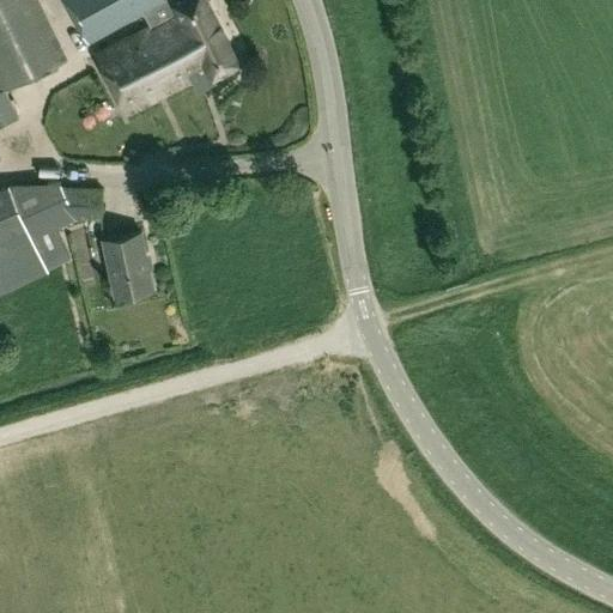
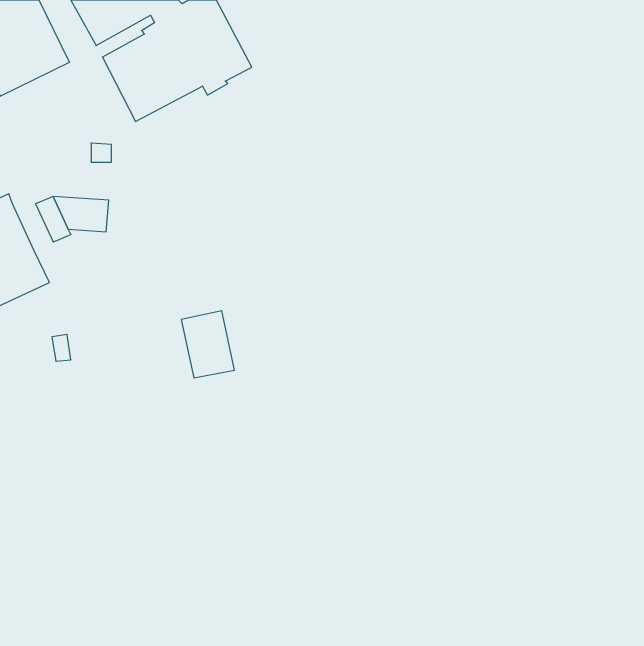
building: [12,186,68,268] -> none
building: [102,232,152,296] -> [181,311,234,378]

